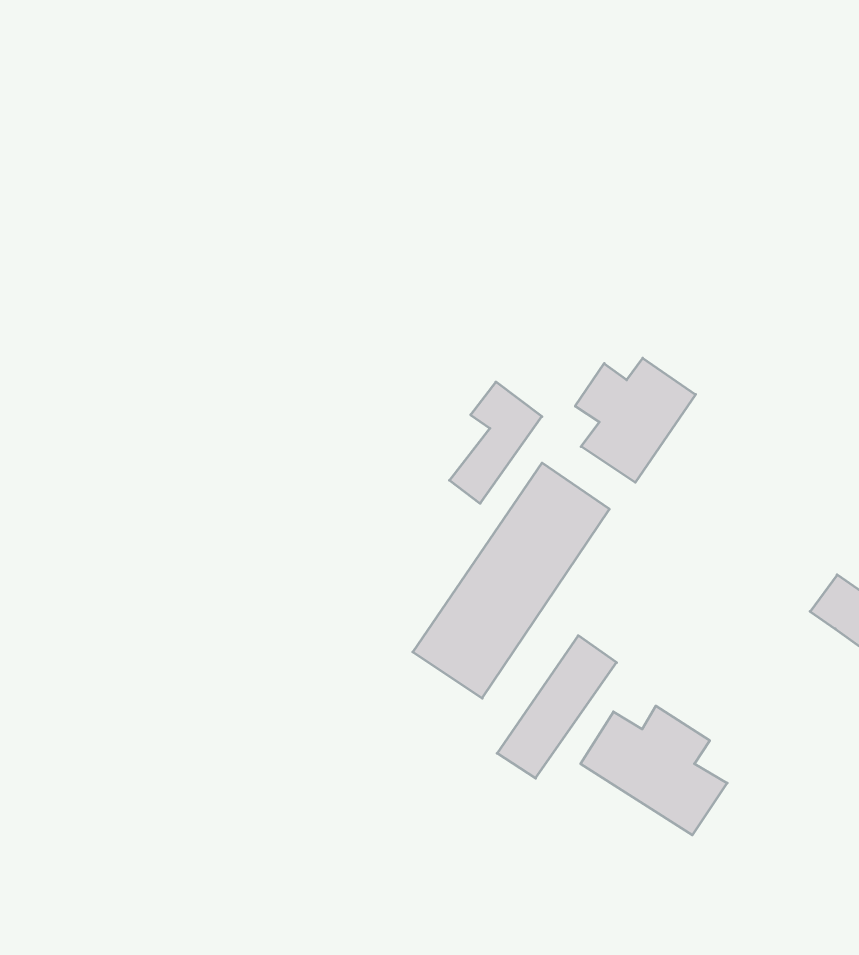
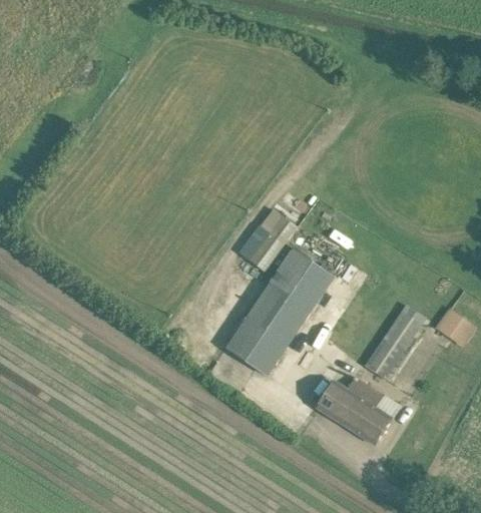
building: [575,358,696,482] -> none
building: [497,636,617,778] -> [363,304,425,378]

